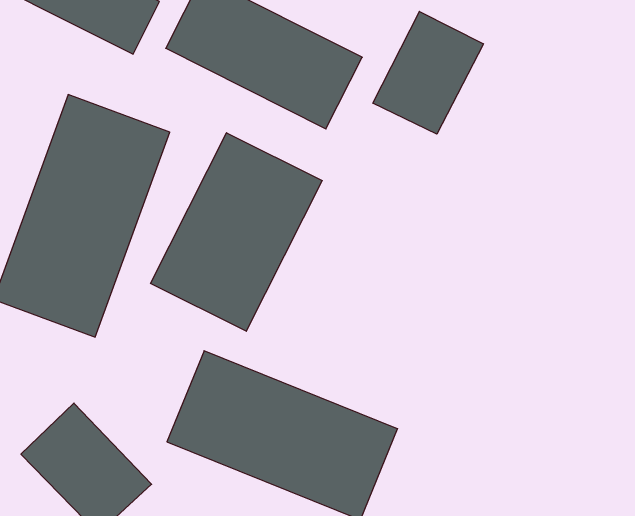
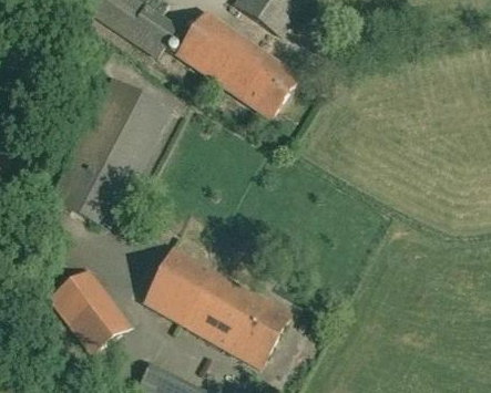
building: [373,11,483,134] -> none
building: [151,133,322,331] -> none

